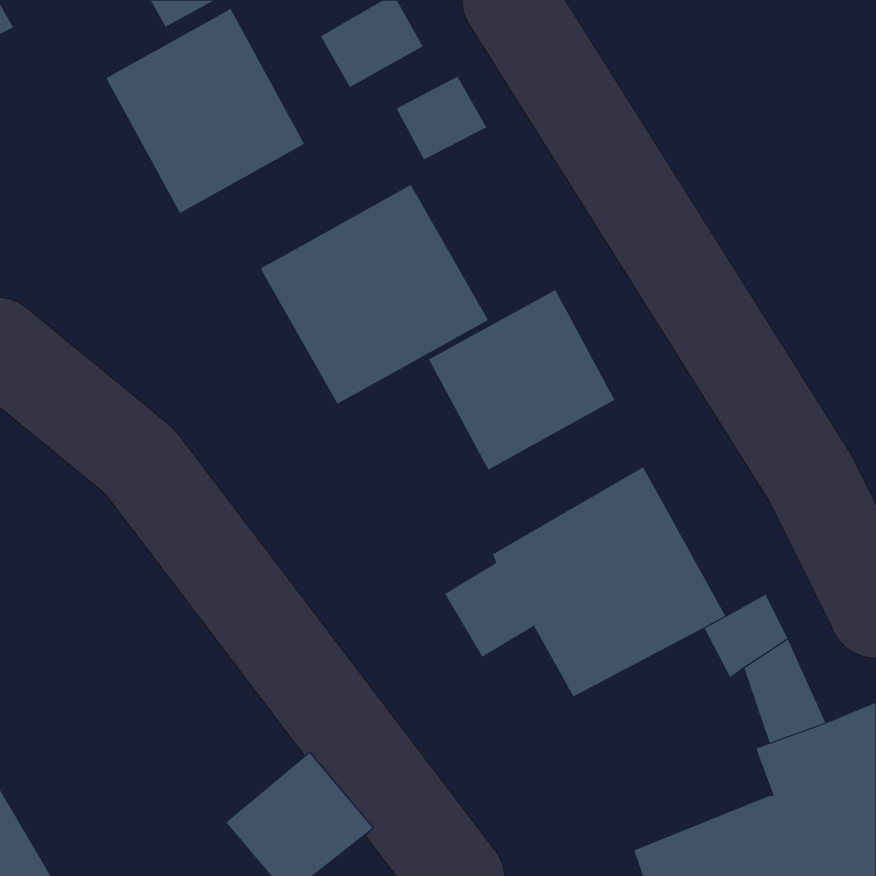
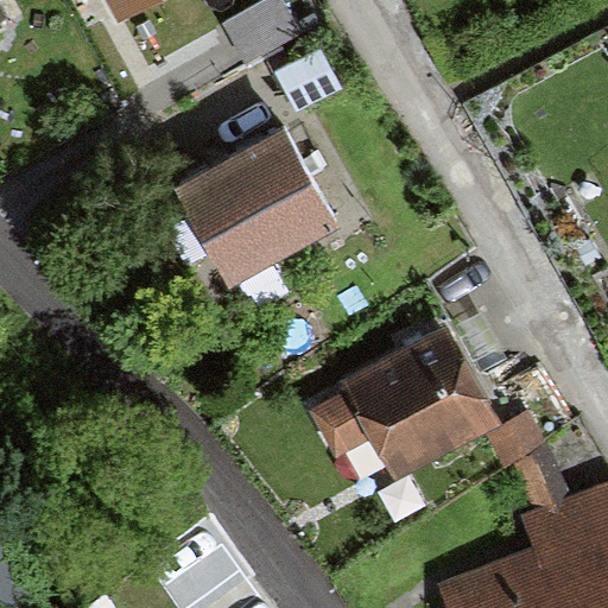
building: [106,8,305,214] -> none
building: [428,289,615,470] -> none

